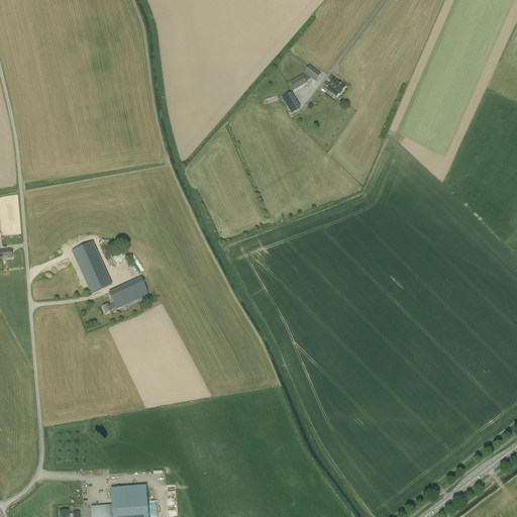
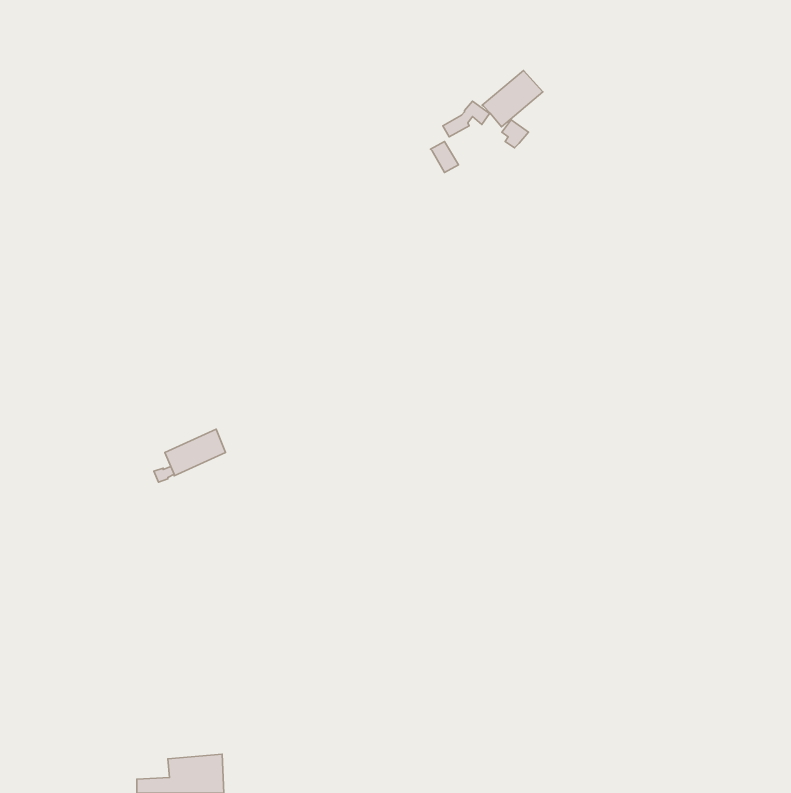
building: none -> [482,70,543,127]
building: [80,238,118,289] -> none

